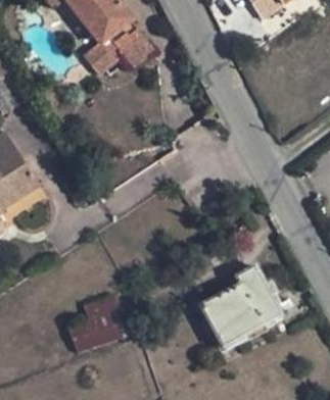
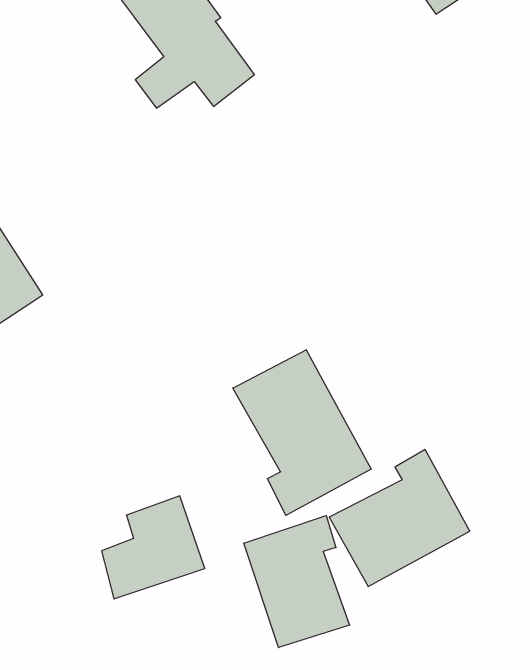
building: none -> [233,350,371,515]
building: none -> [244,516,350,648]

